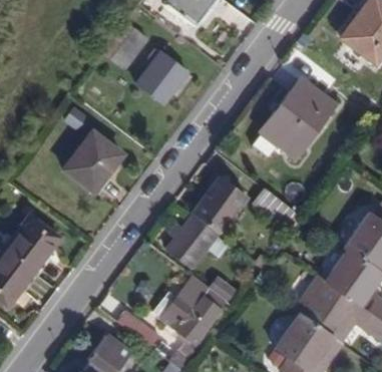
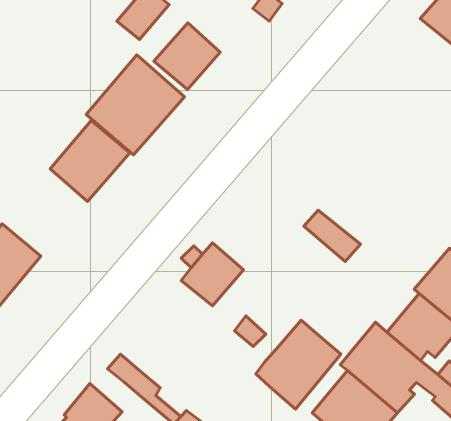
building: none -> [86,55,184,155]
building: [261,78,335,157] -> none
building: [190,176,248,235] -> none
building: [159,275,224,343] -> [256,320,341,409]

